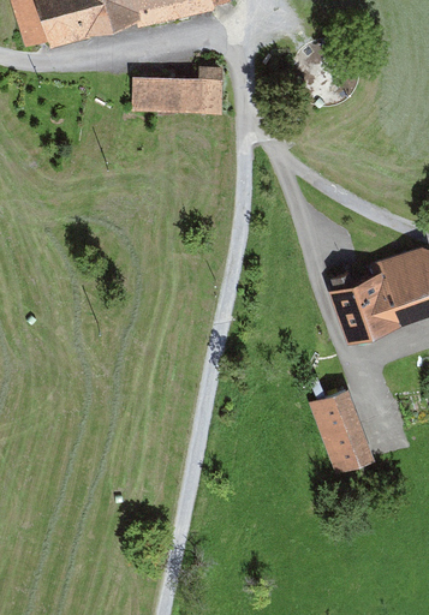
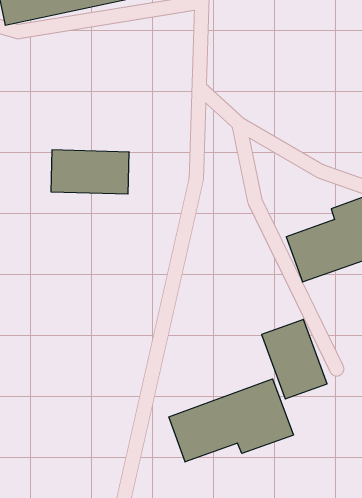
building: [131,64,219,113] -> [51,150,129,194]
building: none -> [169,379,294,462]

